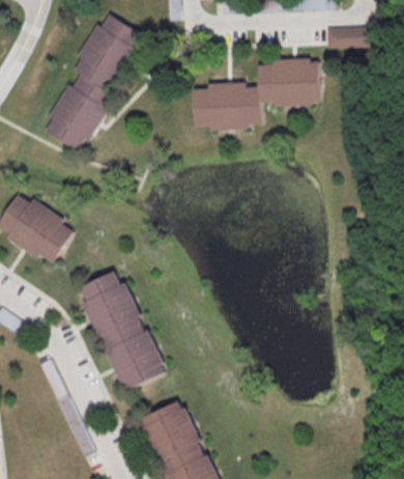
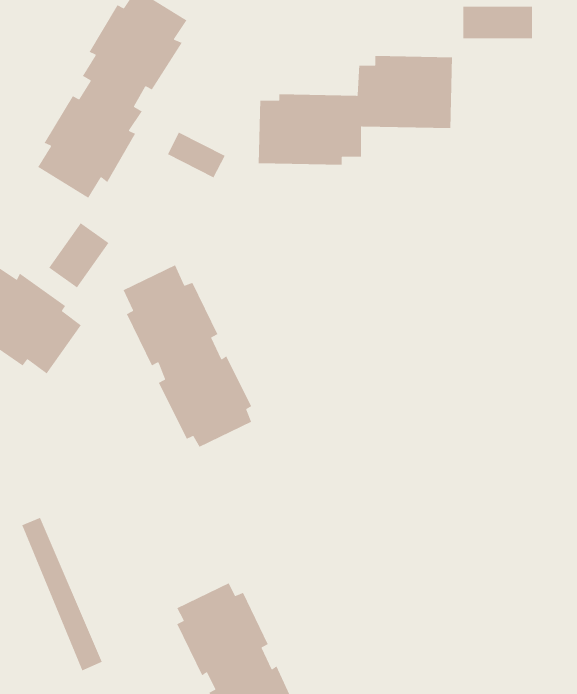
building: none -> [167,131,226,178]
building: none -> [48,222,109,288]
building: [76,269,160,388] -> [123,264,252,448]

